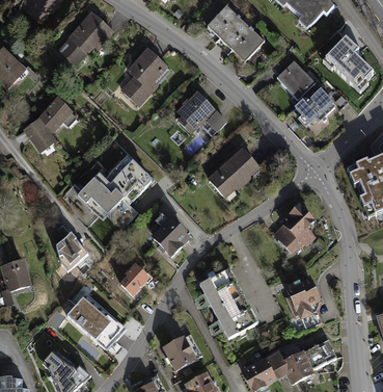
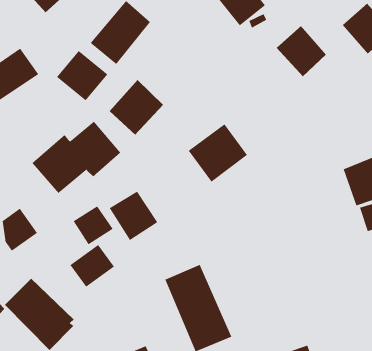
building: [299,83,344,127] -> none
building: [175,86,221,134] -> [109,79,164,136]
building: none -> [56,50,108,101]
building: [268,210,320,261] -> none
building: none -> [73,205,113,245]
building: [282,283,319,321] -> none

